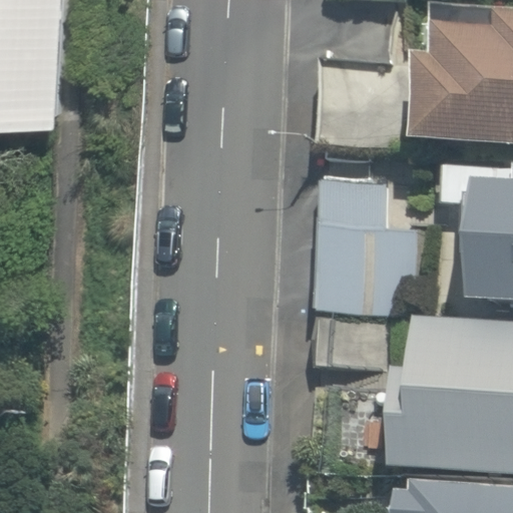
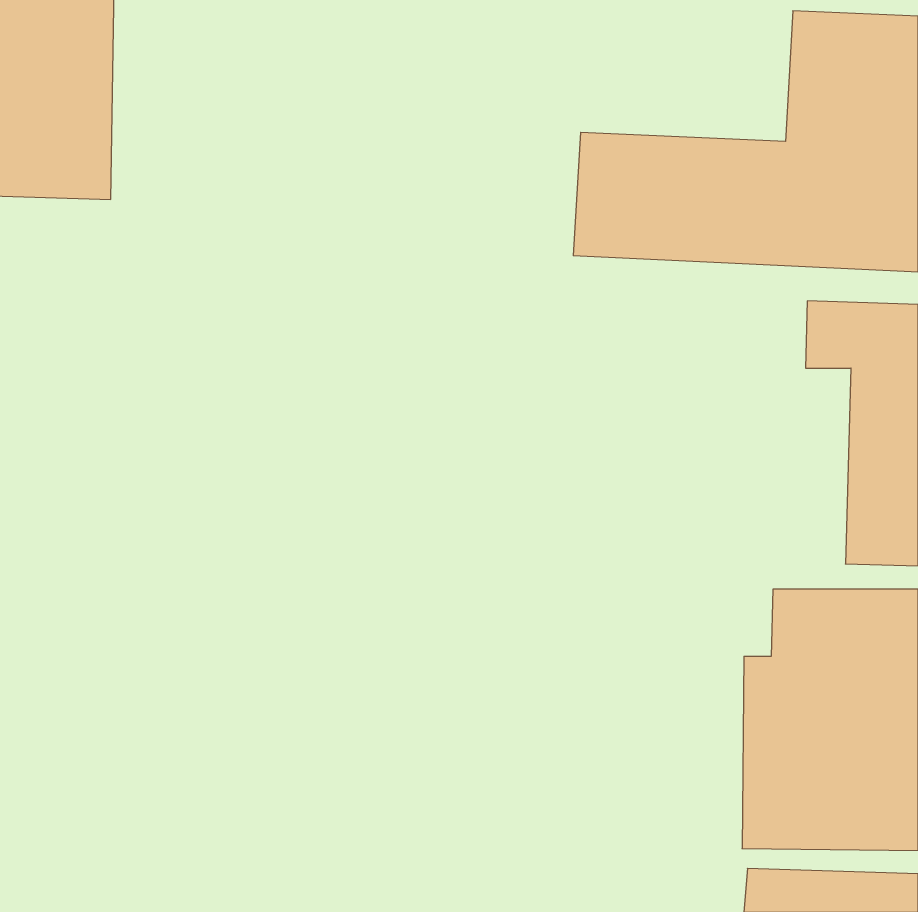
building: [317,165,419,309] -> none

